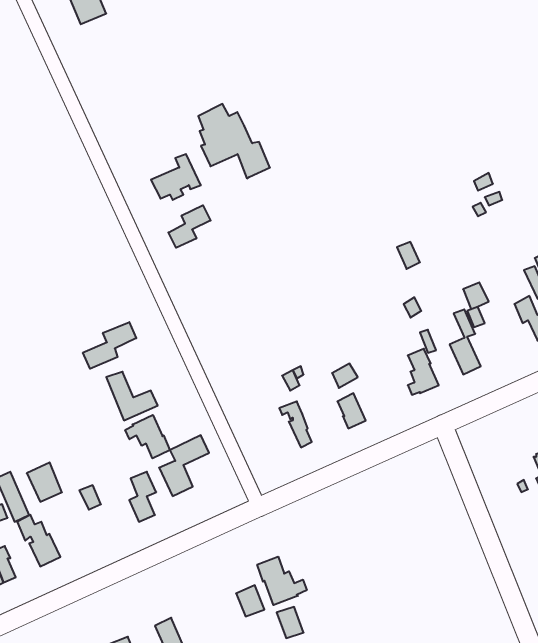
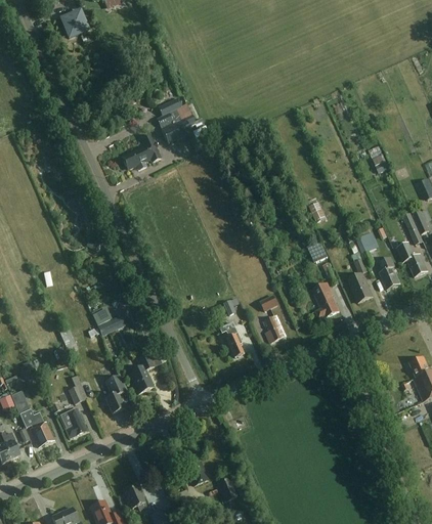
building: [168,205,211,248] -> none
building: none -> [379,256,399,289]
building: [83,322,136,369] -> none
building: [125,415,170,458] -> none
building: [27,462,62,502] -> [59,407,86,437]
building: [257,557,307,605] -> none

